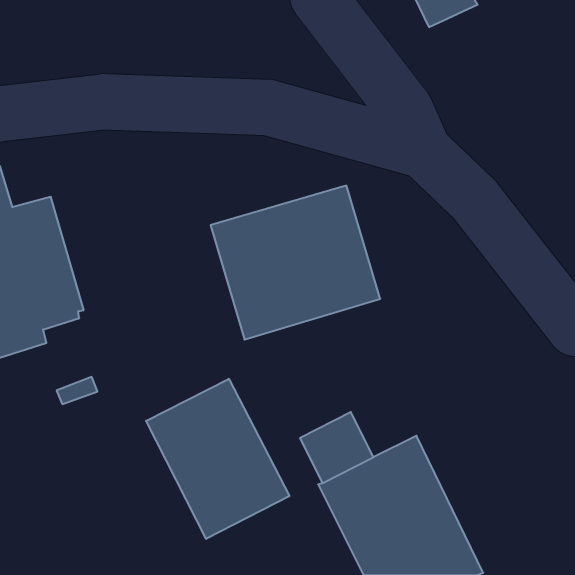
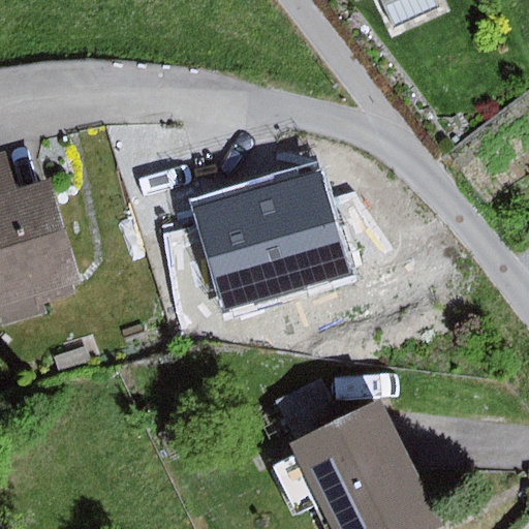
building: [146,379,289,539] -> none

